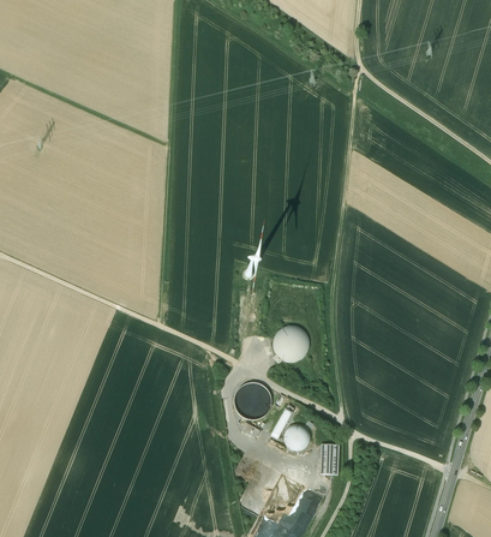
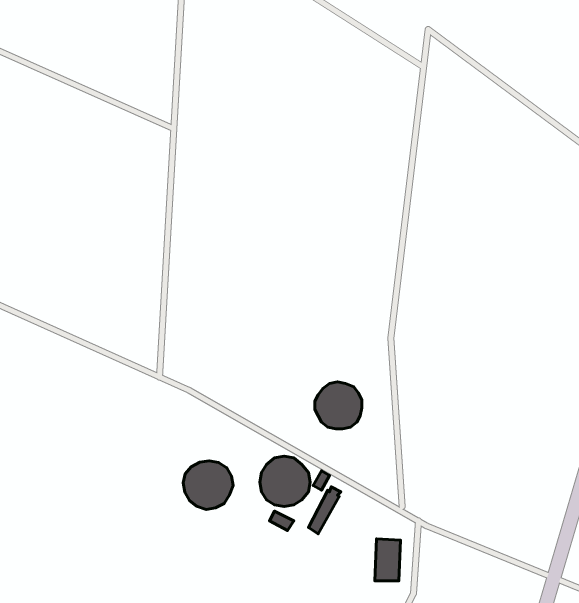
building: none -> [183,461,233,510]
building: [283,424,310,451] -> none

